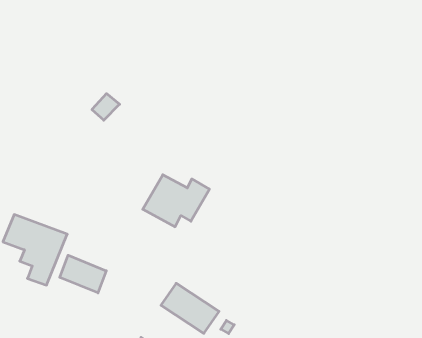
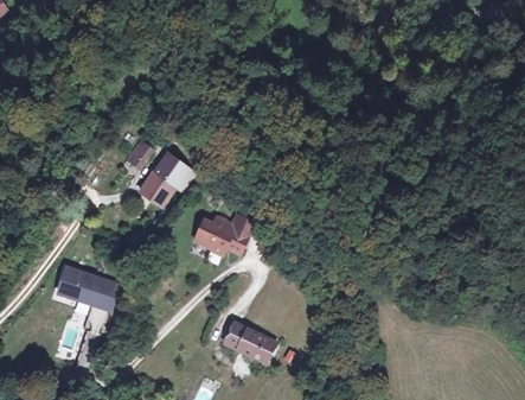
building: none -> [141,142,198,203]
building: [60,255,106,293] -> none

